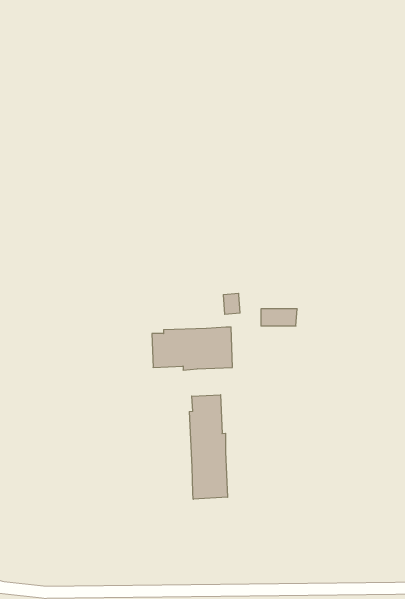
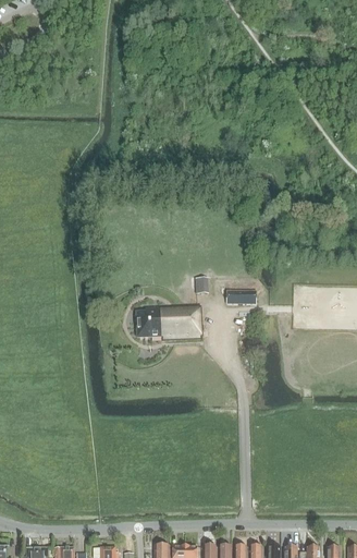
building: [189,395,228,499] -> none

